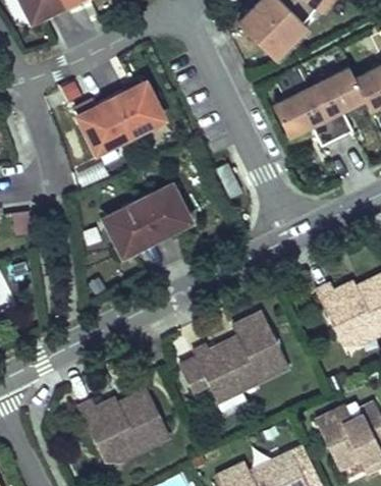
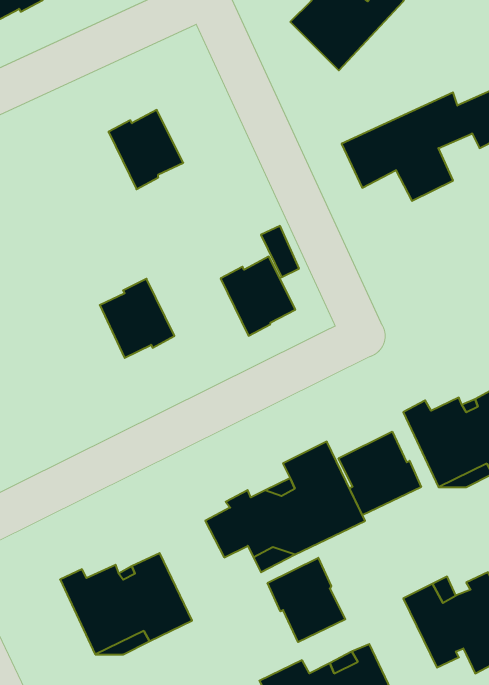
building: [77,98,130,153] -> none
building: [138,184,189,239] -> [221,257,295,336]
building: none -> [339,432,421,515]
building: none -> [268,558,345,642]

